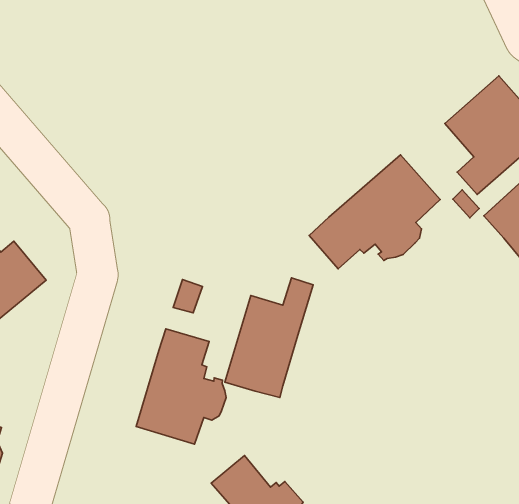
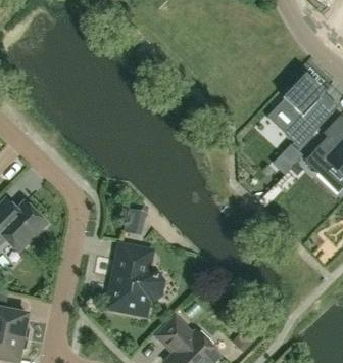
building: [309,155,440,269] -> none
building: [225,278,313,397] -> none

